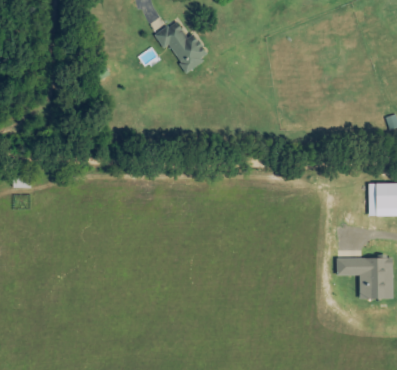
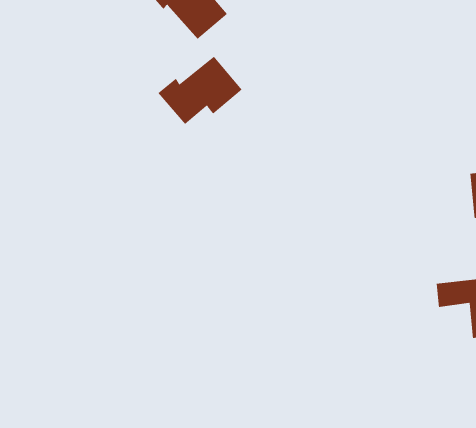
building: none -> [158,56,242,125]

